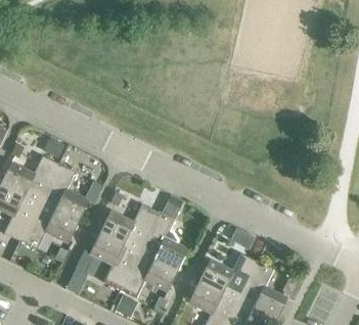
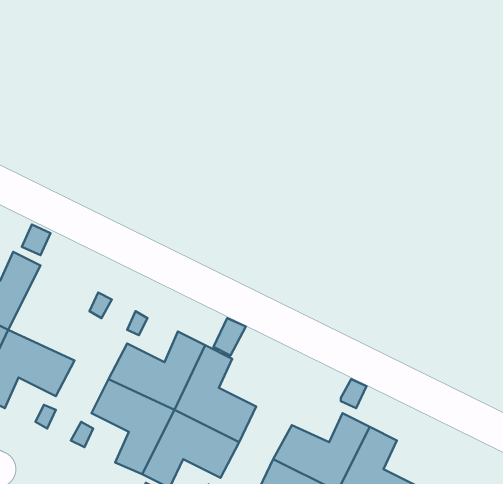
building: [39,165,89,222] -> none

